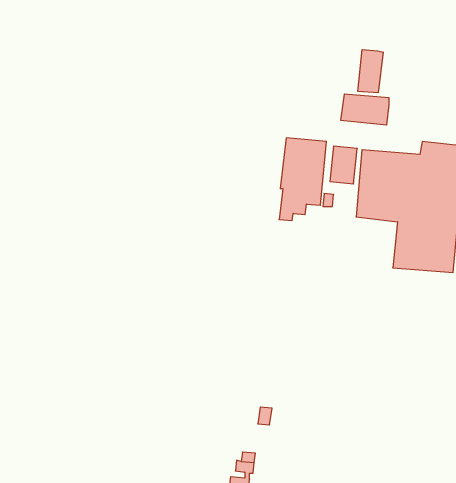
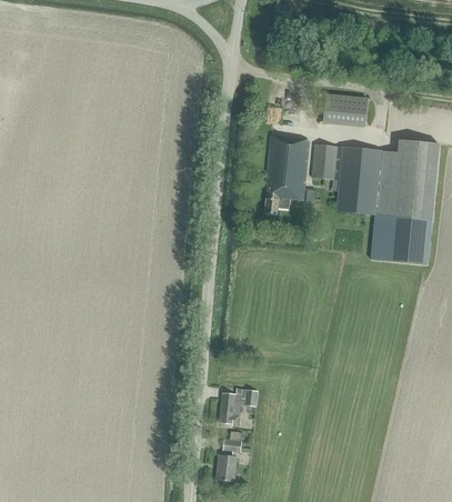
building: [358,50,383,93] -> none
building: none -> [219,392,241,425]

